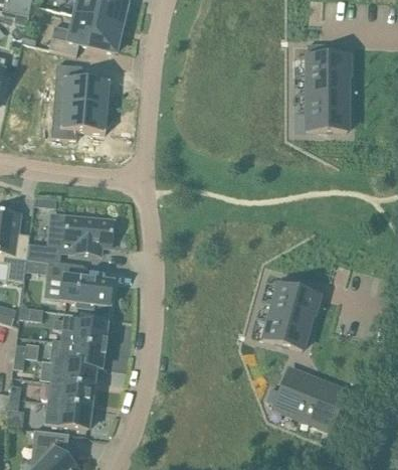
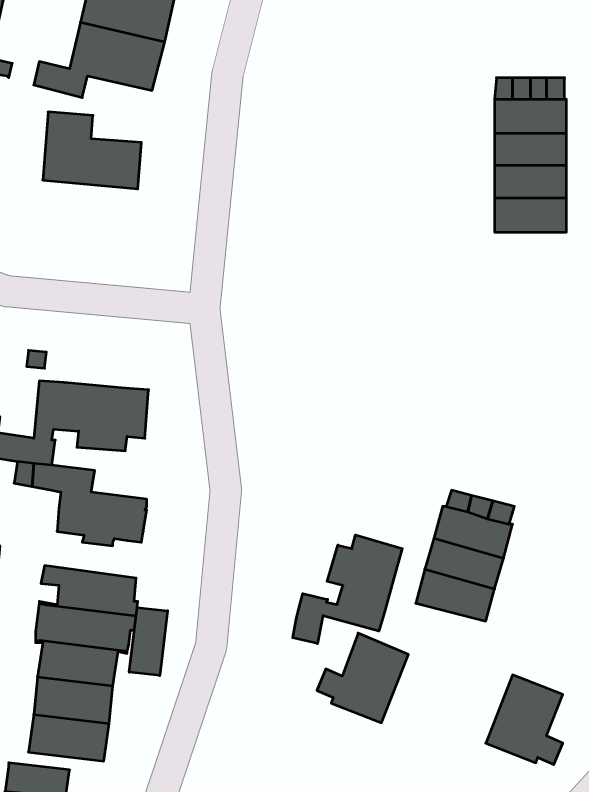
building: [50,102,107,139] -> none
building: none -> [293,535,402,644]
building: none -> [129,607,168,676]
building: [265,367,317,418] -> [317,633,408,723]

